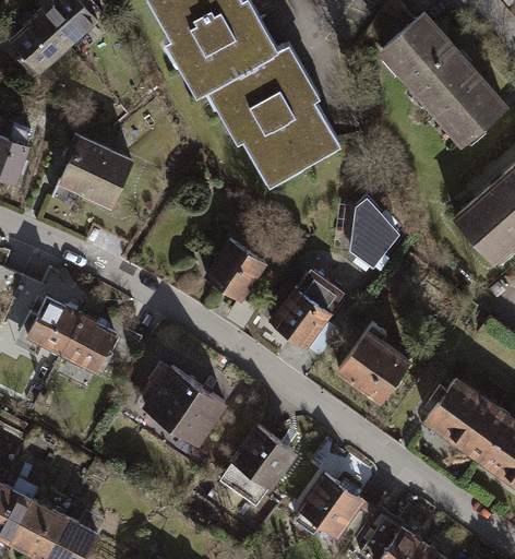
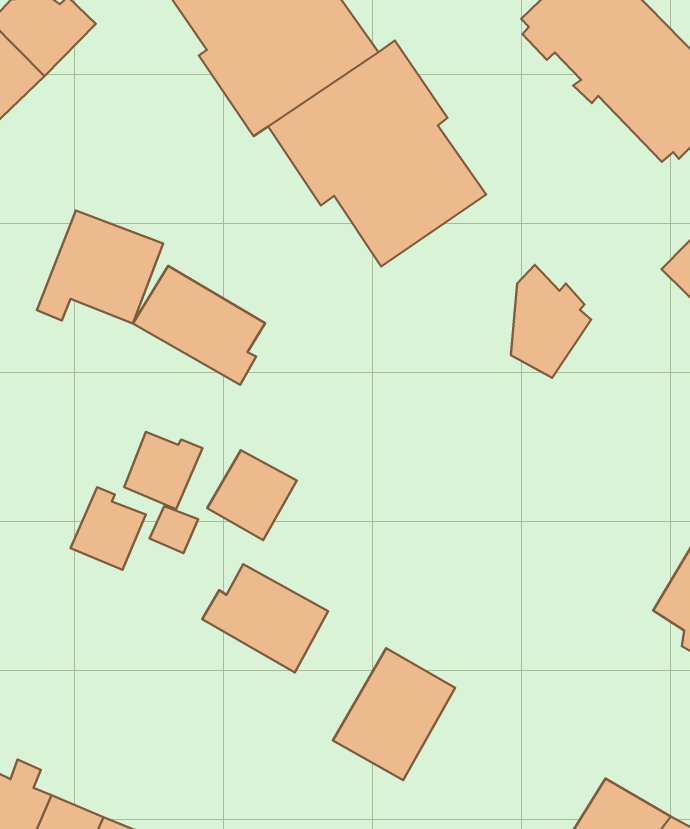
building: none -> [133,266,265,385]
building: [205,239,263,297] -> [207,450,297,540]
building: [275,274,349,354] -> none
building: [29,300,81,350] -> [124,432,203,509]
building: [336,329,410,408] -> none
building: [296,477,378,545] -> none

